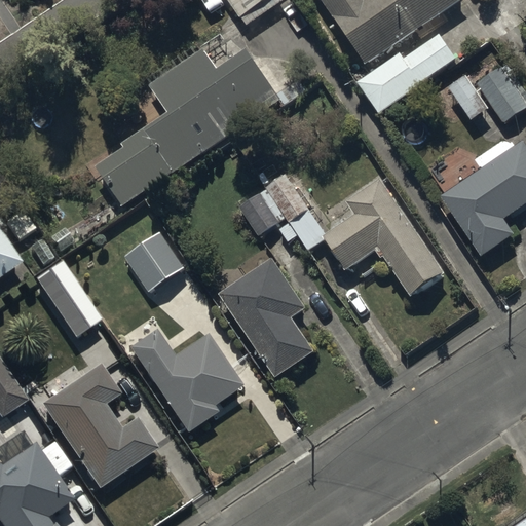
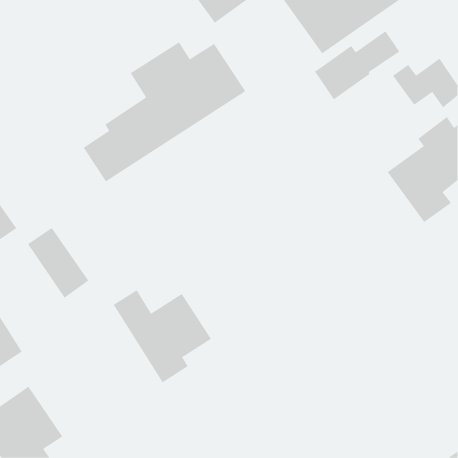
building: [239,170,448,297] -> none
building: [125,229,186,290] -> none
building: [221,258,318,379] -> none
building: [41,366,158,489] -> none

